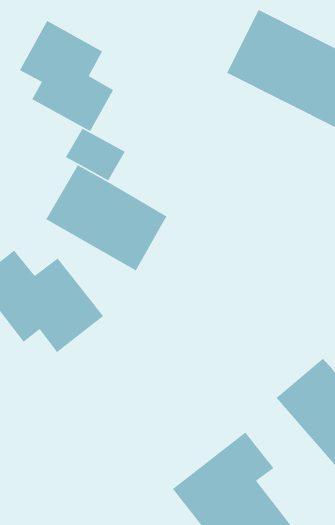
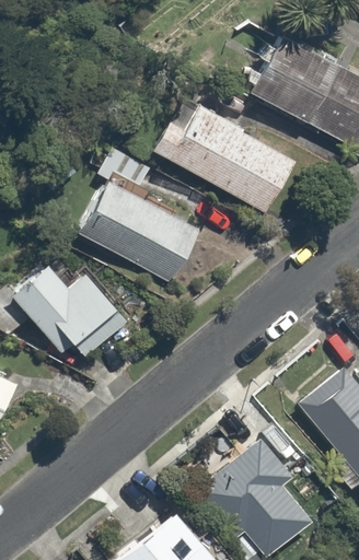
building: [19,20,114,132] -> none
building: none -> [149,92,298,214]

